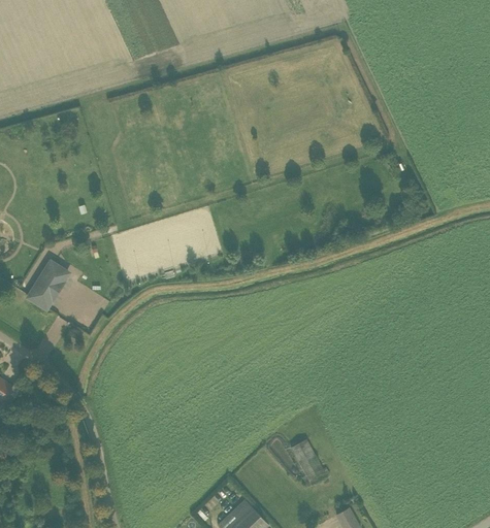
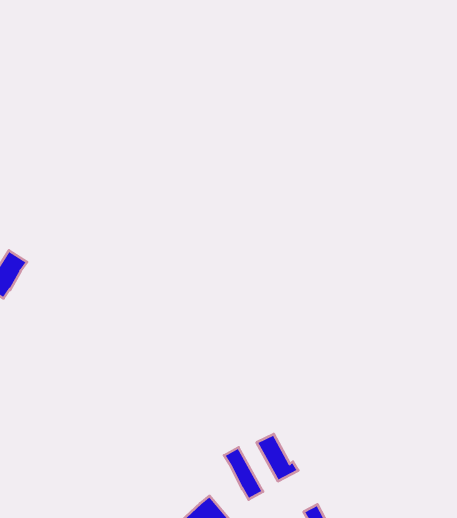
building: none -> [224,447,263,500]

